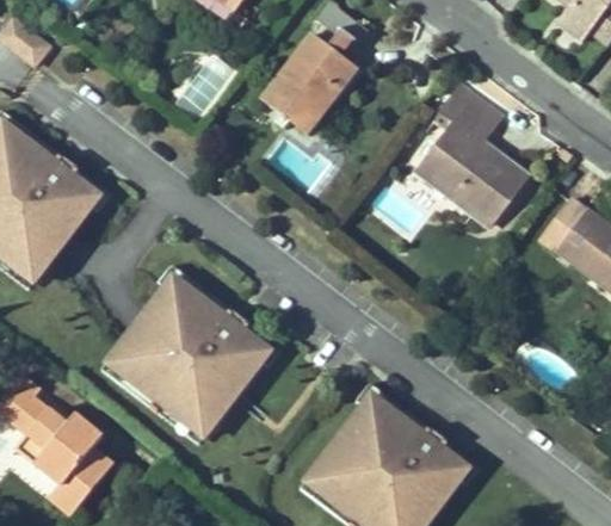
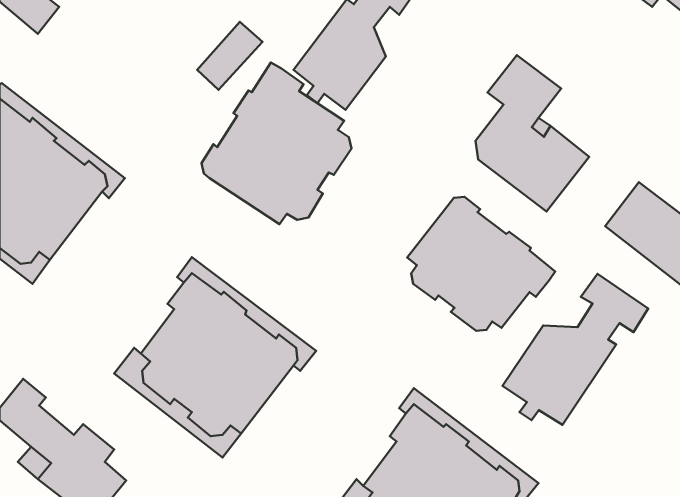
building: none -> [201,62,352,224]
building: none -> [407,197,555,331]
building: none -> [503,274,648,425]

